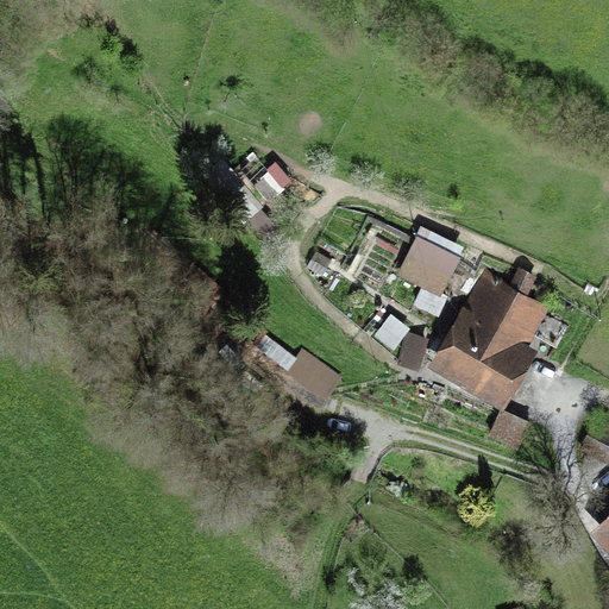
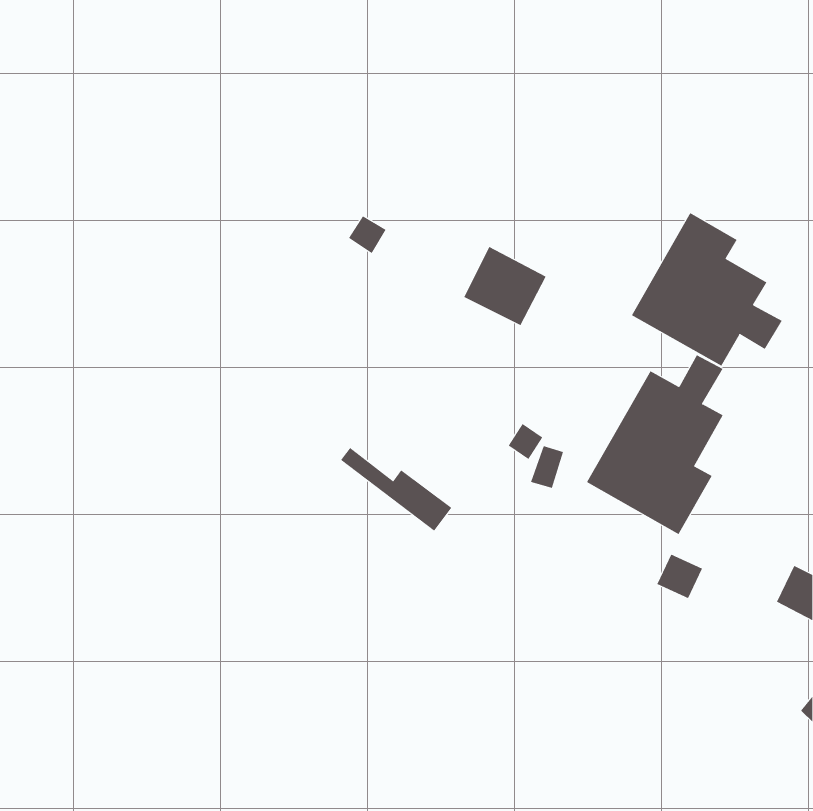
building: none -> [631,212,783,366]
building: [398,237,460,296] -> [463,246,546,326]

